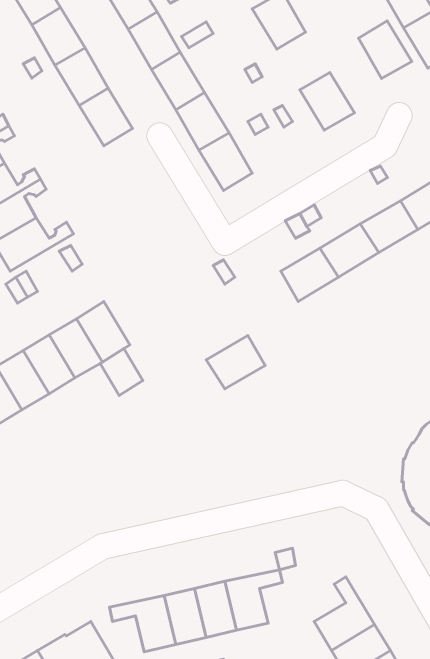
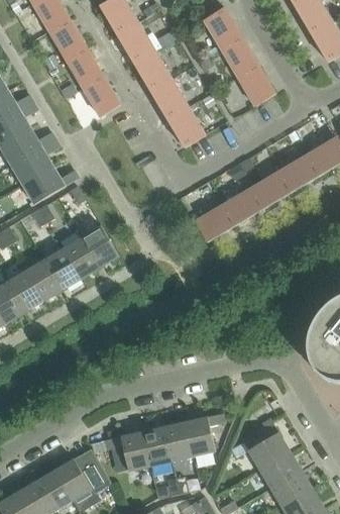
building: [358,21,412,79] -> [221,36,258,77]
building: [206,335,265,389] -> [195,204,236,241]
building: [100,349,143,396] -> none

